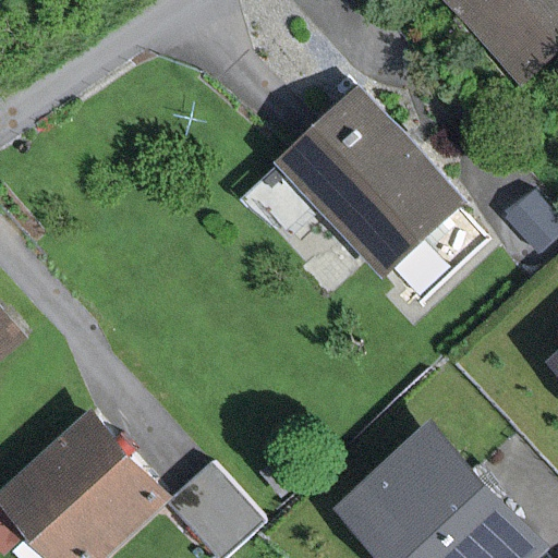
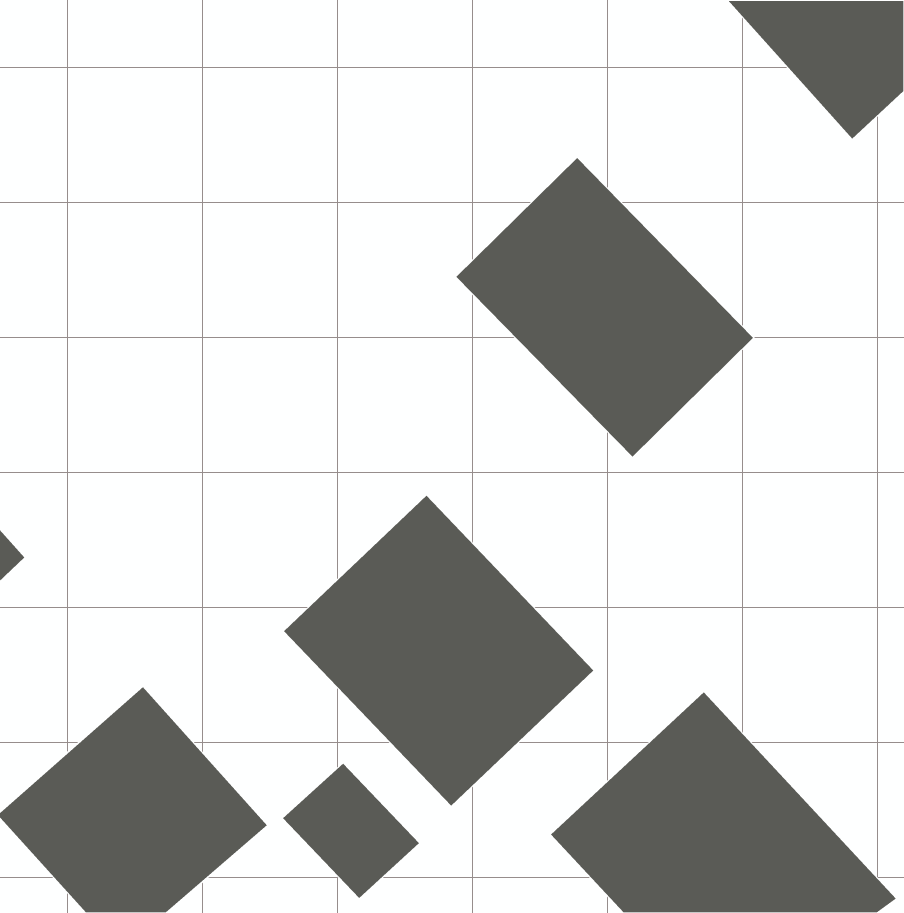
building: none -> [283,495,594,807]

